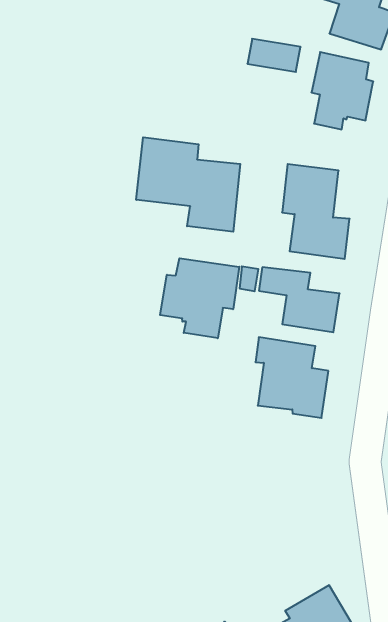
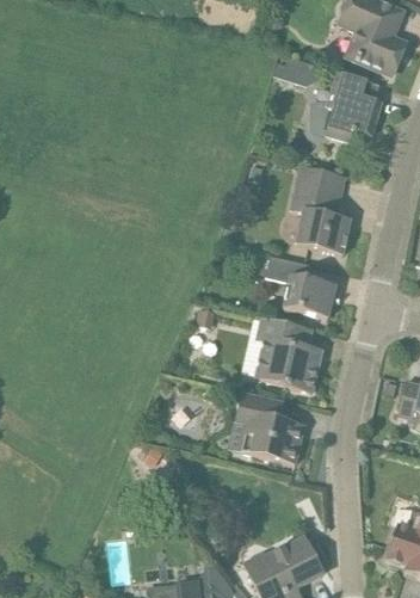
building: [136,137,240,232] -> none
building: [160,258,239,338] -> none
building: none -> [235,389,304,462]

